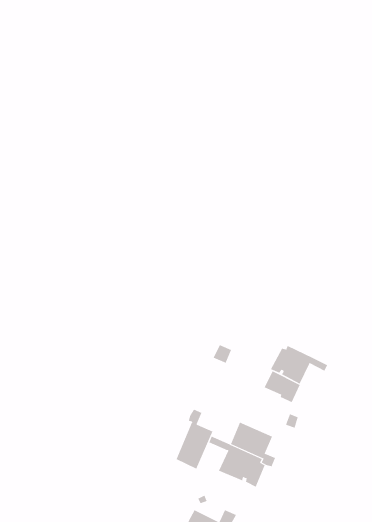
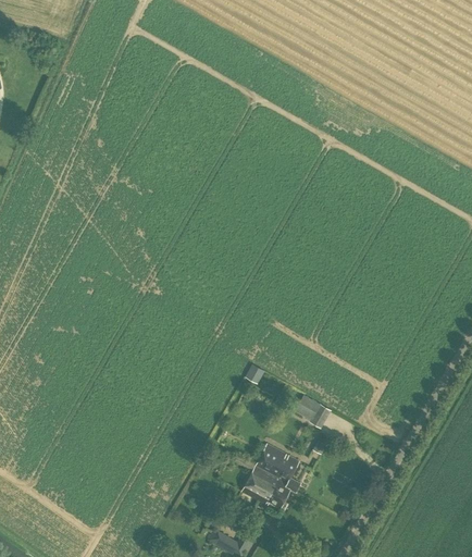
building: [270,345,328,384] -> none
building: [176,409,213,469] -> none

